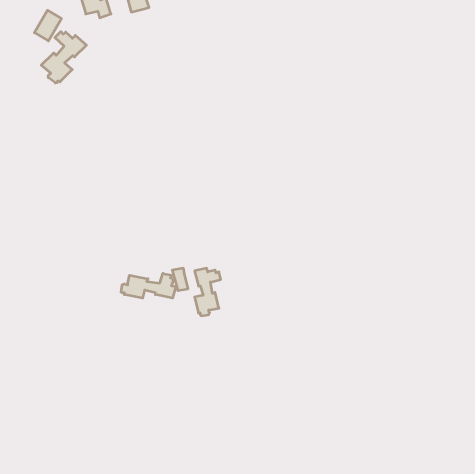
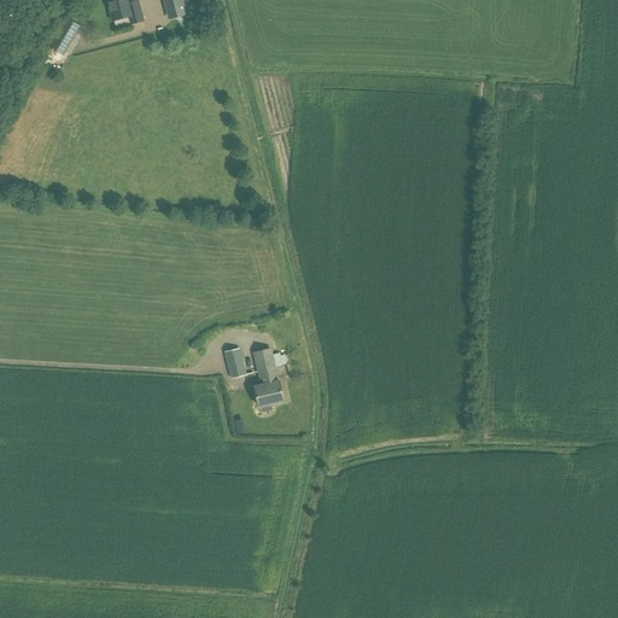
building: [41,32,86,83] -> none
building: [121,273,176,298] -> none

